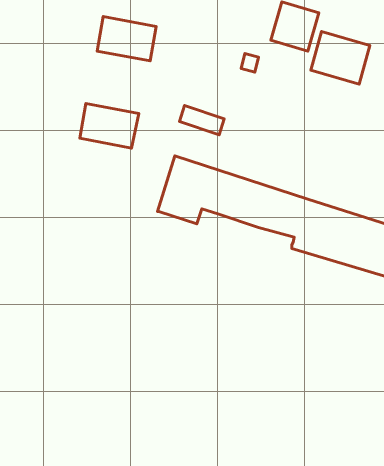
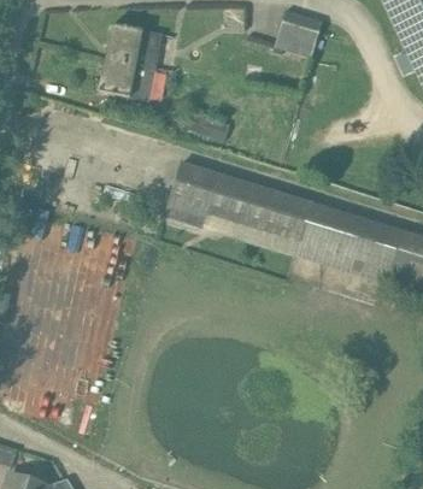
building: [311,32,370,84] -> none
building: [80,104,139,148] -> [100,58,158,101]

